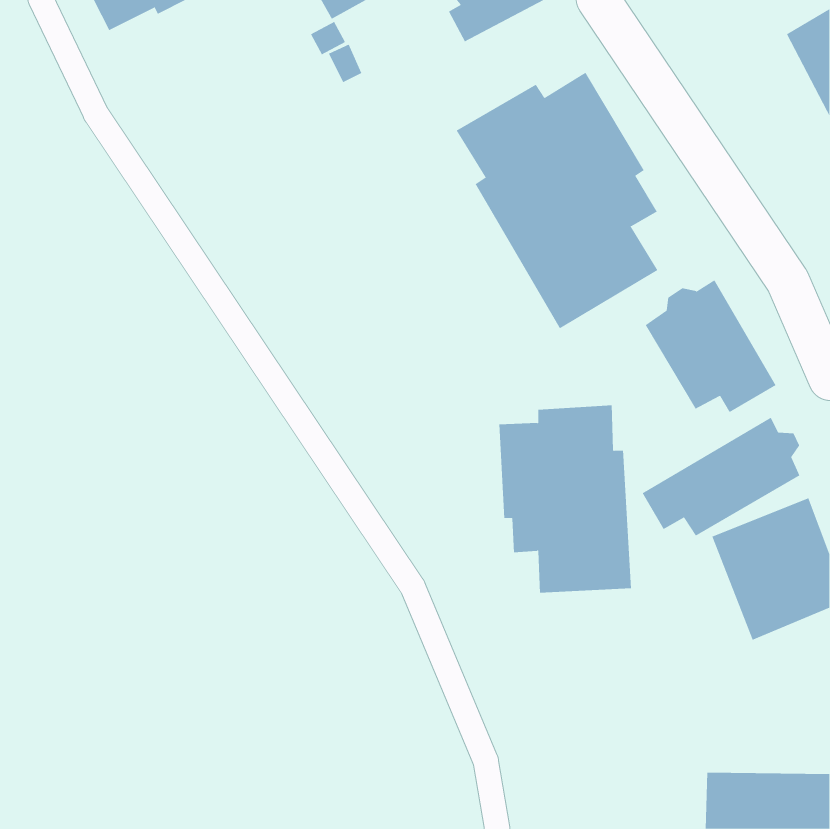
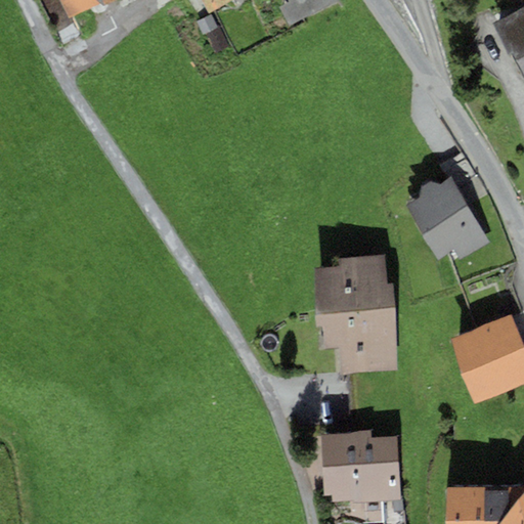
building: [456,72,658,329] -> none
building: [642,417,800,536] -> none
building: none -> [320,430,401,504]

